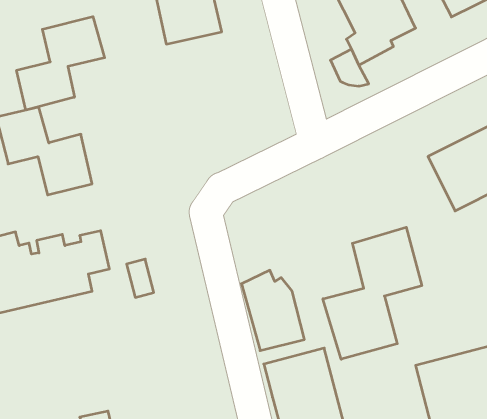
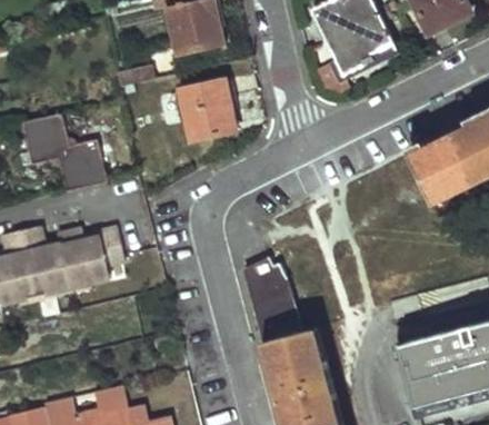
building: [17,17,105,110] -> none
building: none -> [176,81,230,140]
building: [323,227,422,359] -> none

